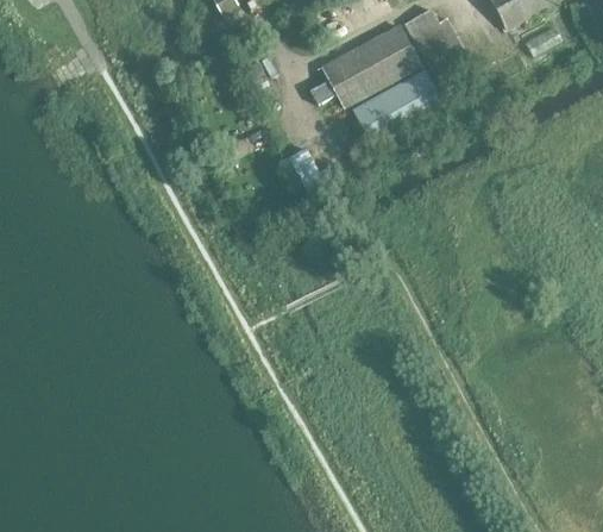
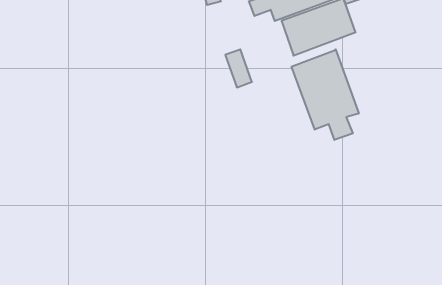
building: none -> [292,49,359,140]

